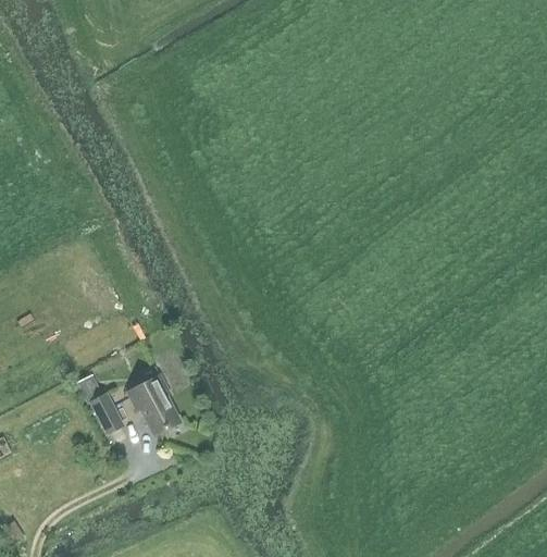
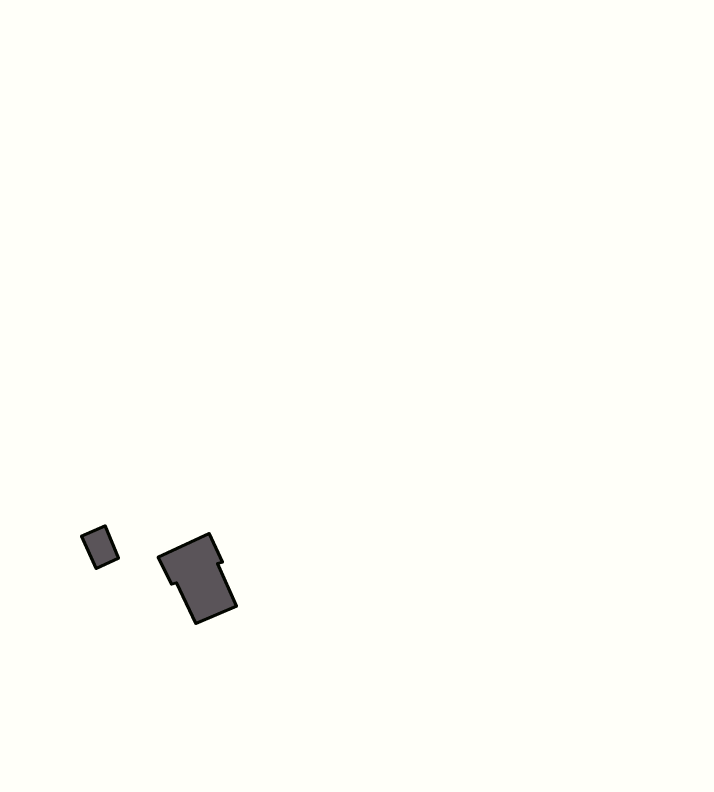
building: [90,394,122,433] -> none

